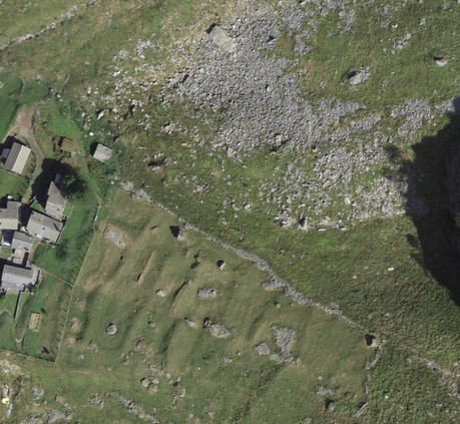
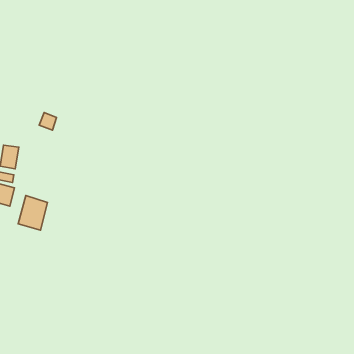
building: none -> [18,196,48,230]

